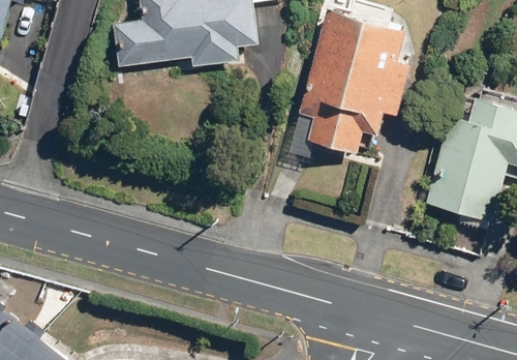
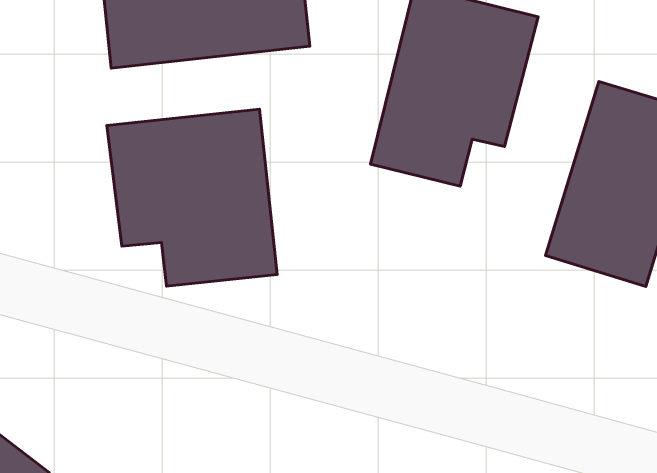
building: none -> [107,109,277,286]

